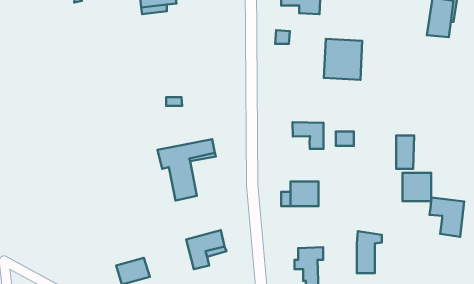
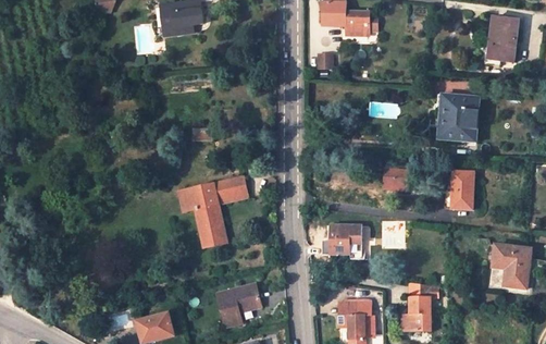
building: [324,39,362,80] -> [435,94,479,140]
building: [293,122,324,149] -> none
building: [403,173,431,201] -> none

